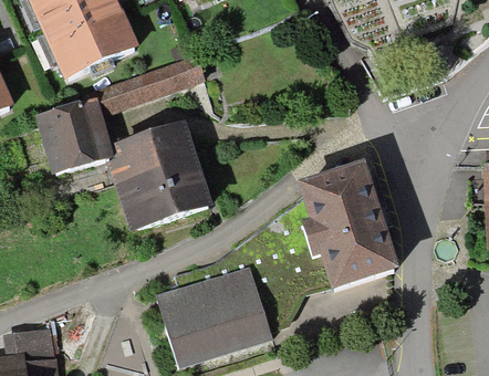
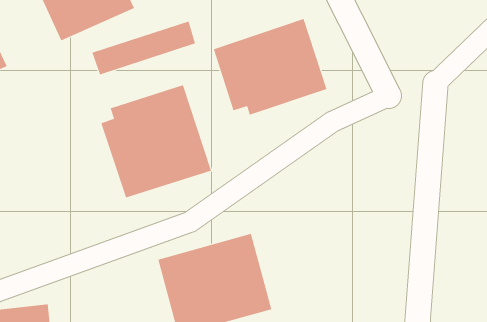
building: none -> [213,18,327,115]
building: [33,90,115,174] -> none
building: [301,168,394,290] -> none

